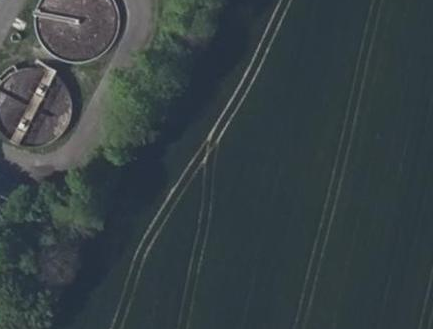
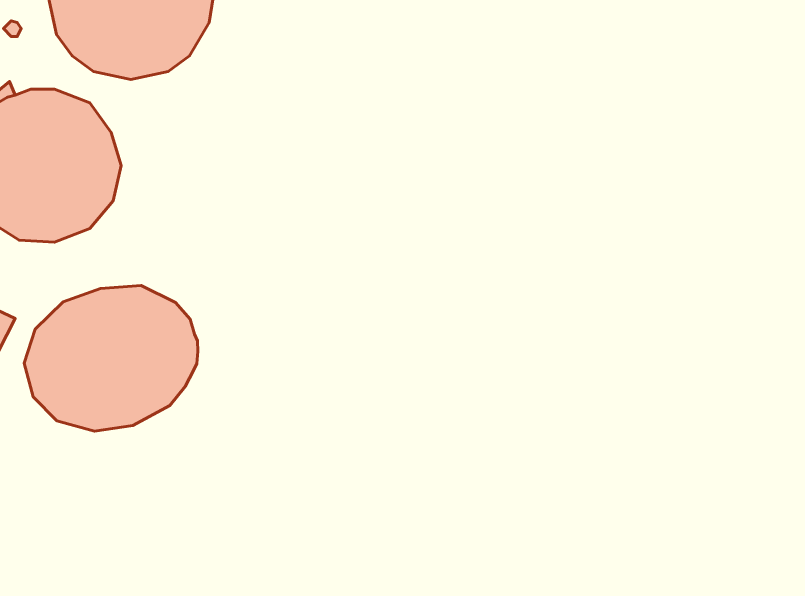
building: none -> [24,286,198,431]

